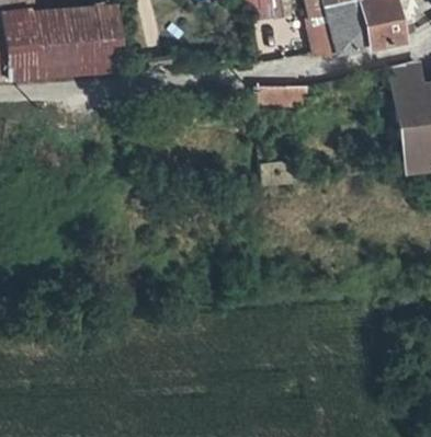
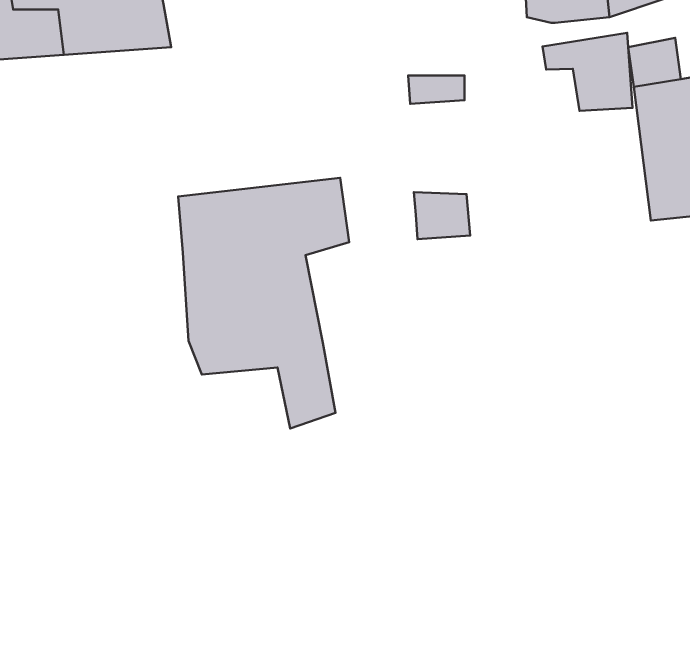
building: none -> [542,33,633,111]
building: none -> [178,178,349,429]

